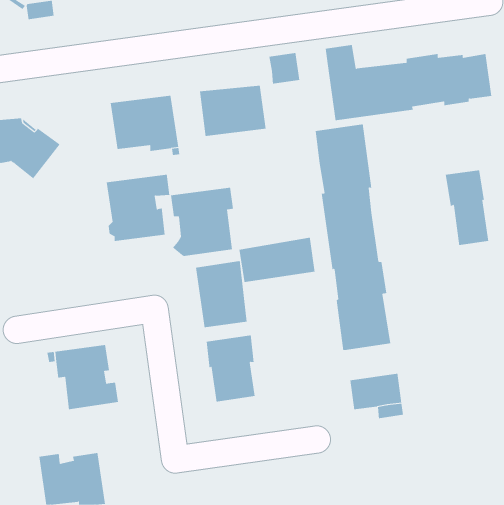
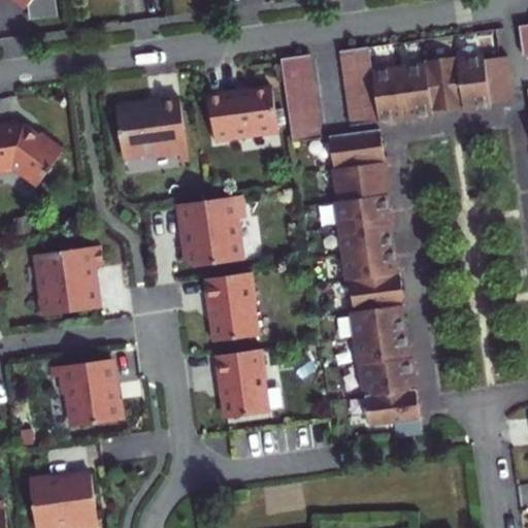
building: none -> [284,84,321,142]
building: [445,169,489,246] -> none
building: [106,174,170,242] -> [35,245,102,316]
building: [239,237,315,283] -> none
building: none -> [359,358,415,396]

